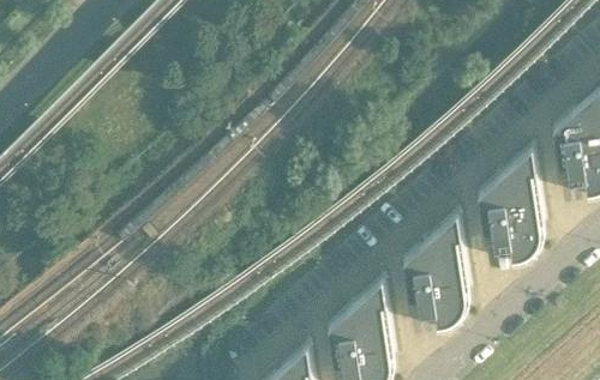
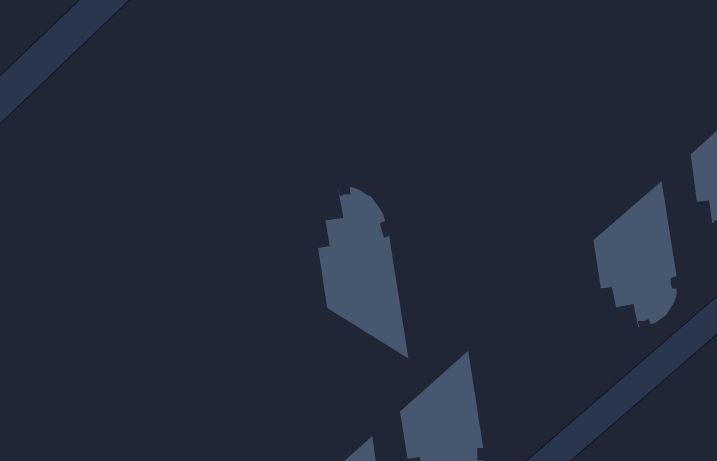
building: none -> [317,186,410,360]
building: [401,216,467,331] -> none

